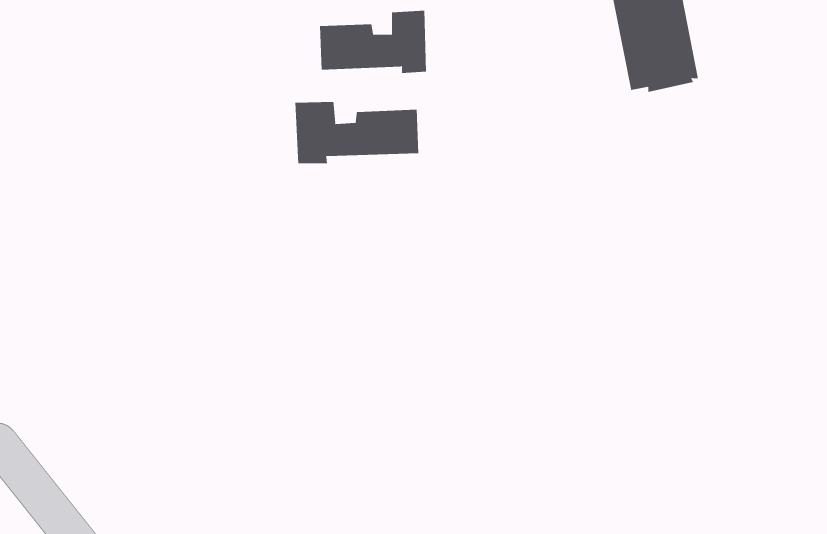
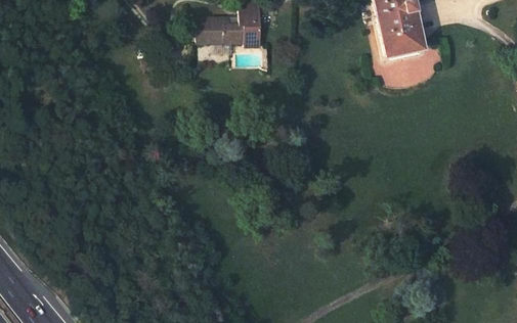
building: [295,101,419,164] -> none

